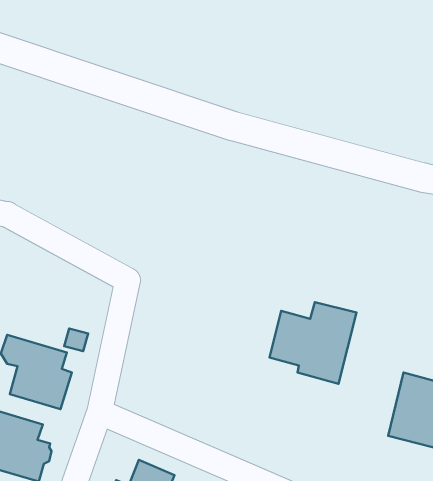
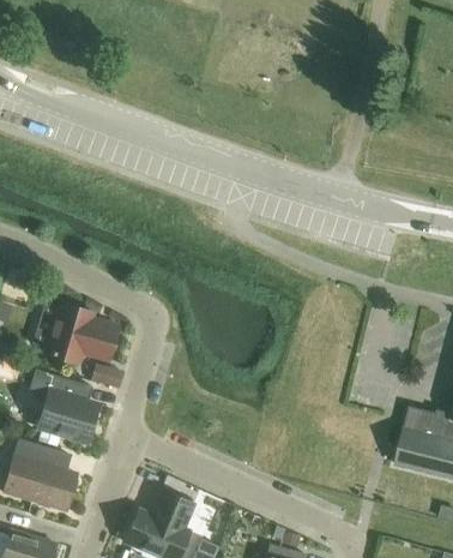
building: none -> [44,301,117,362]
building: [270,302,356,384] -> none

